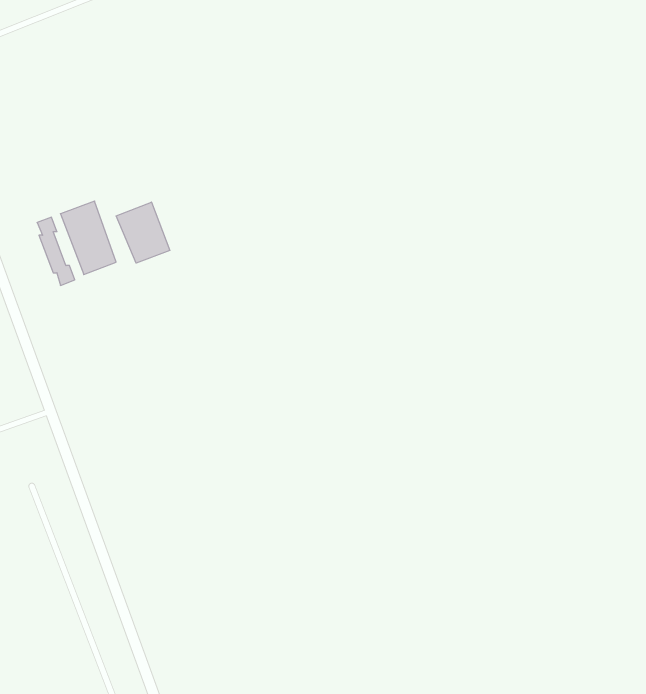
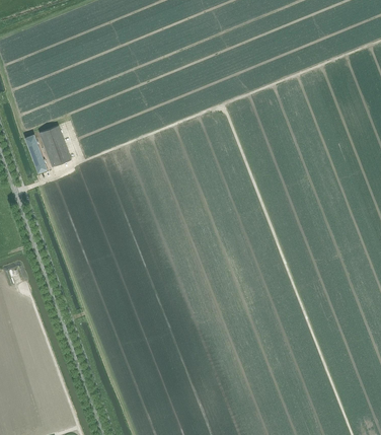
building: [116,202,170,263] -> none

